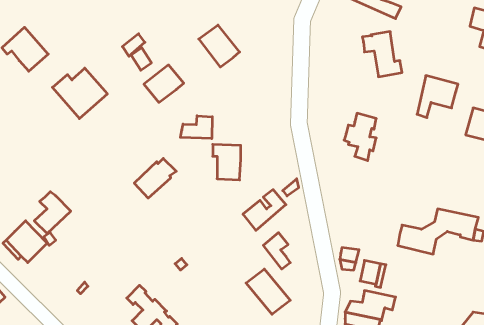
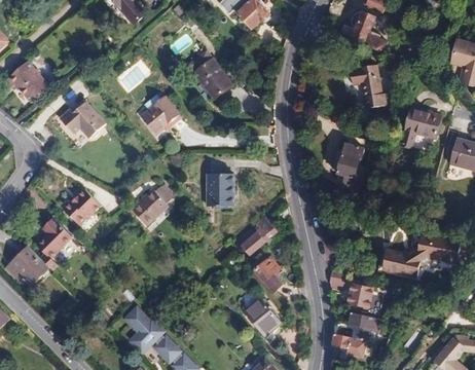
building: [180,116,212,139] -> none
building: none -> [62,189,101,225]

